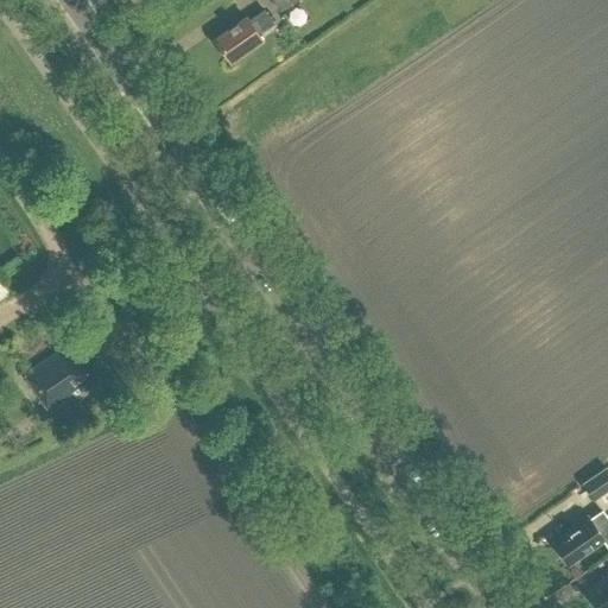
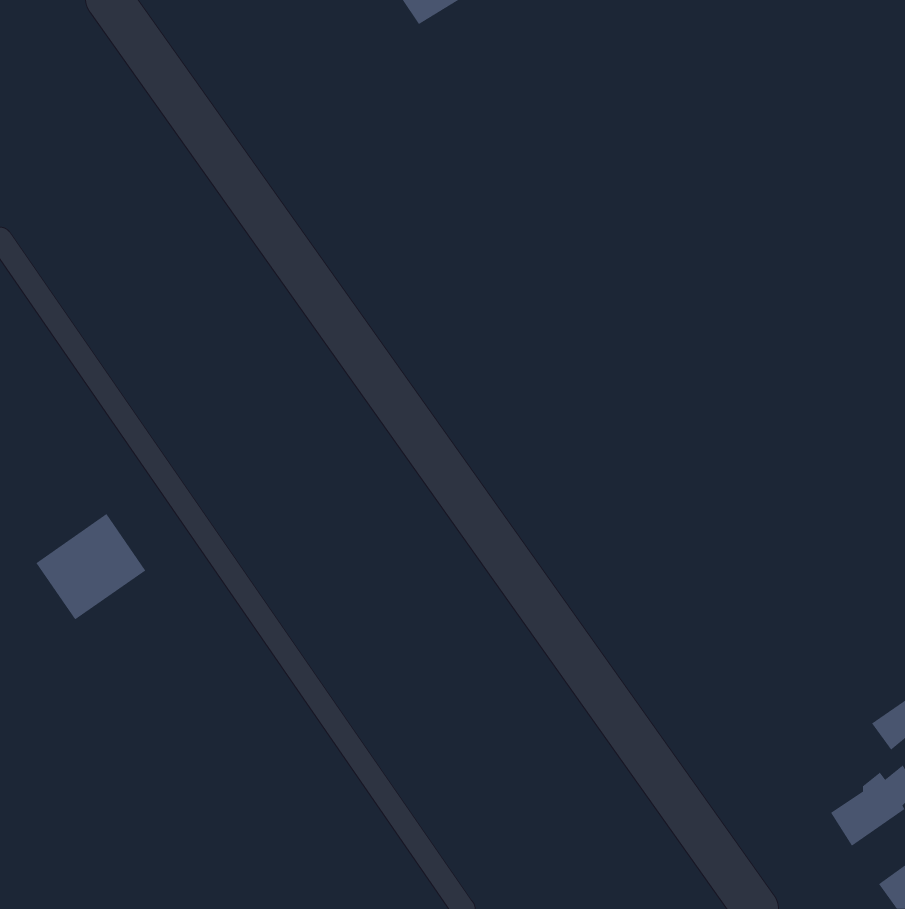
building: [217,8,277,62] -> none

